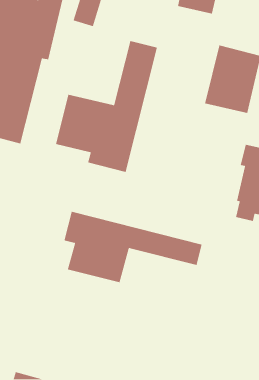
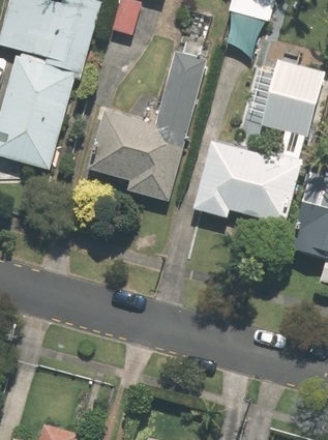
building: none -> [193,140,301,225]
building: [64,211,203,283] -> none

